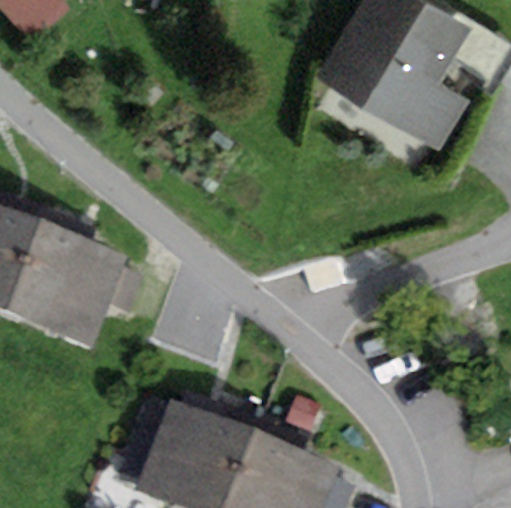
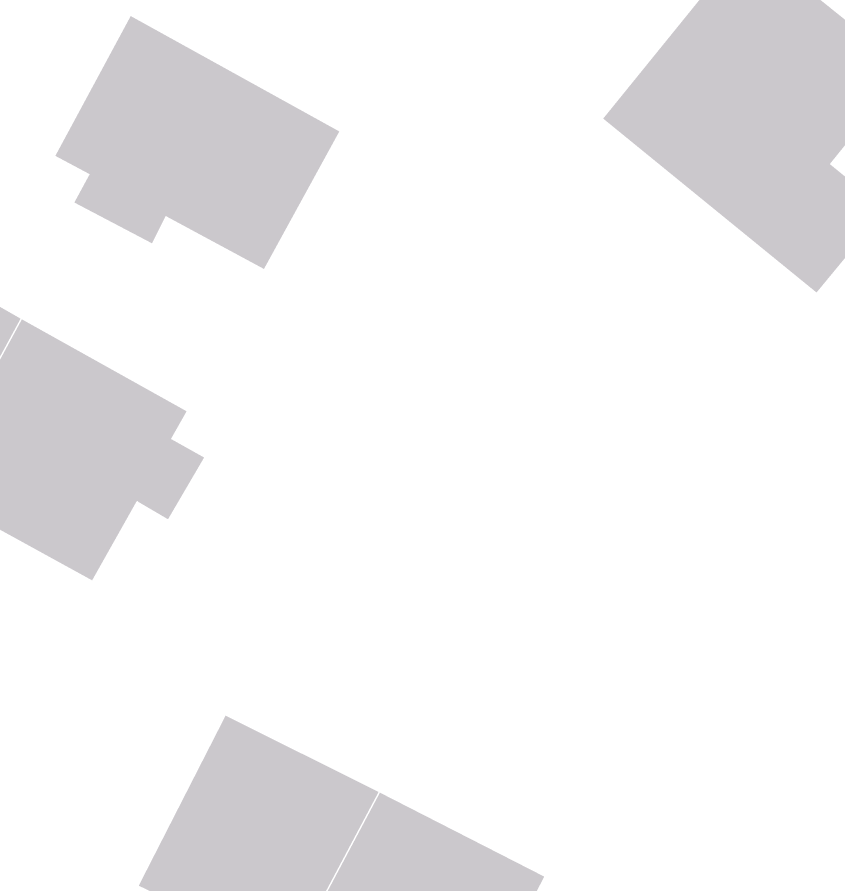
building: none -> [54,15,340,270]

